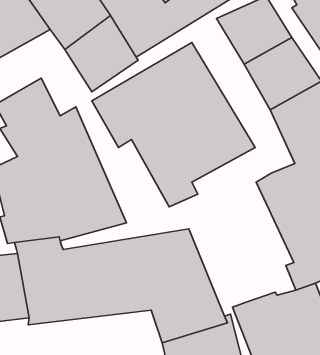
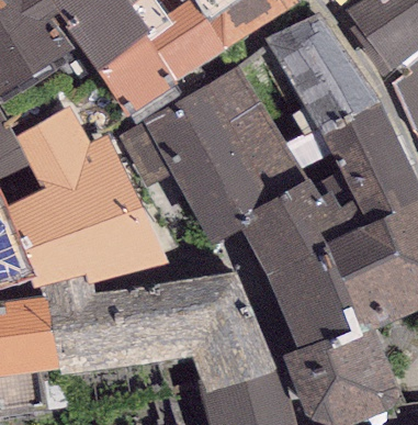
building: none -> [237,180,352,351]

